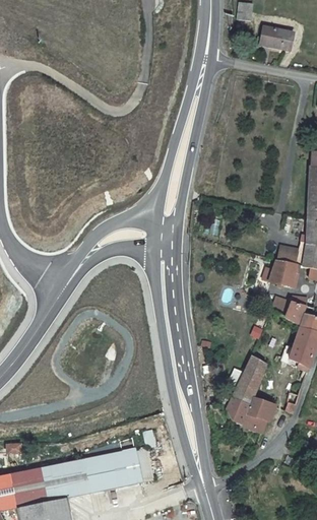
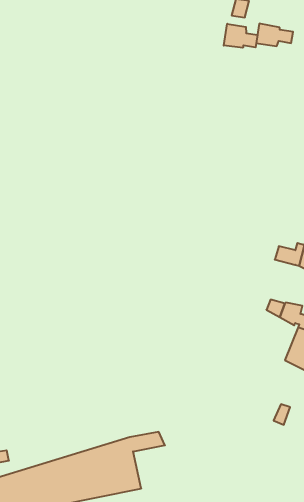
building: none -> [224,24,257,48]
building: [270,259,299,287] -> none
building: [228,355,271,431] -> none

